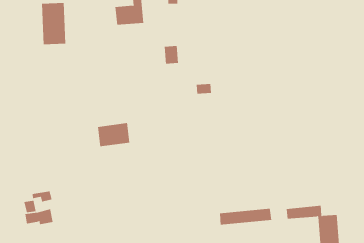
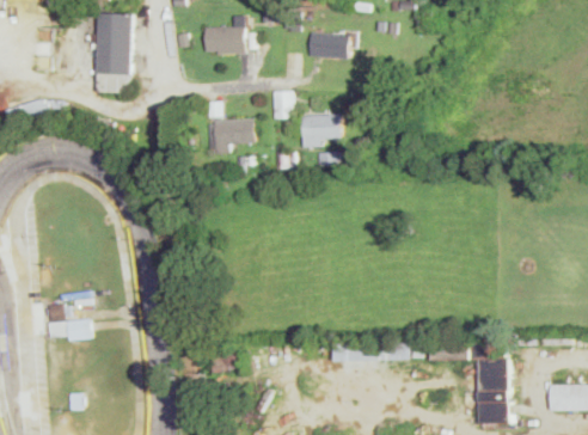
building: none -> [308,31,349,59]
building: none -> [301,114,341,147]
building: [97,123,130,147] -> [208,118,255,151]

